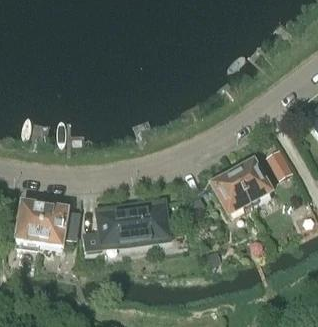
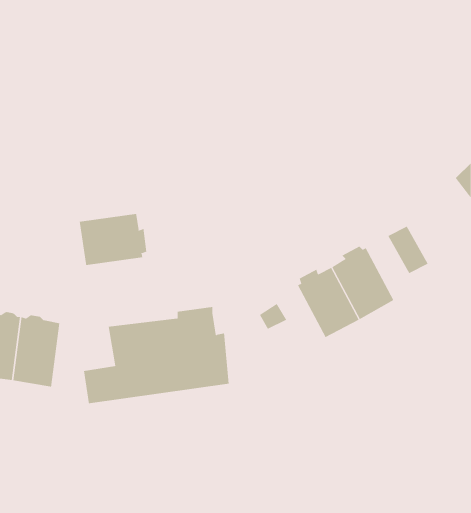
building: none -> [79,213,147,266]

